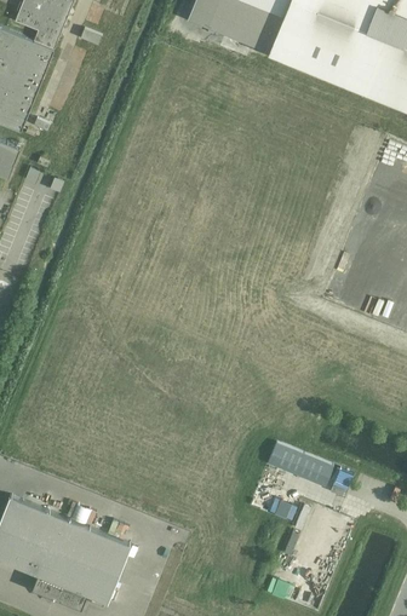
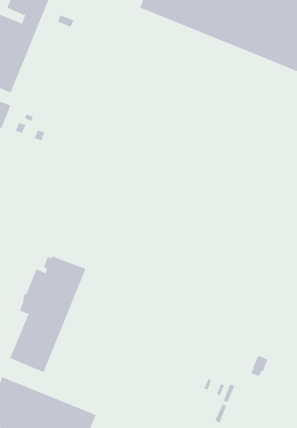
building: none -> [10,256,86,373]
building: [266,443,333,488] -> none

